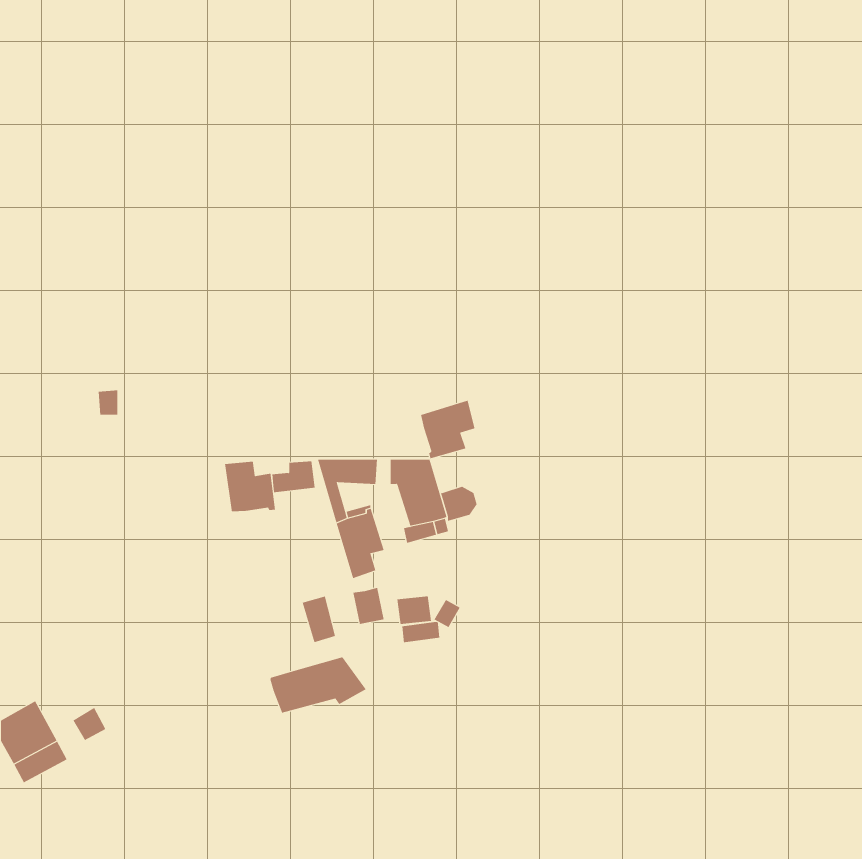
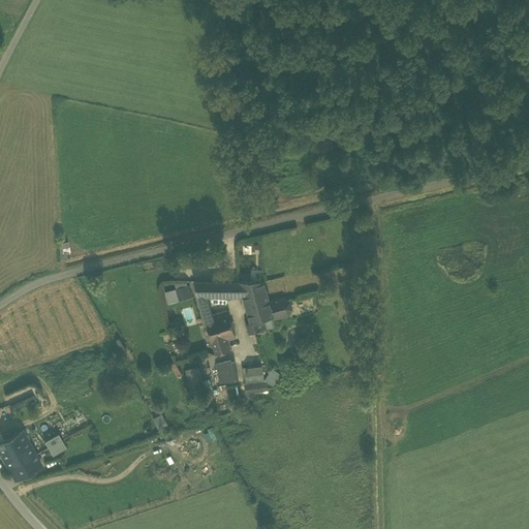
building: [421,400,475,459] -> none
building: [225,461,275,512] -> none
building: [270,657,367,713] -> none

